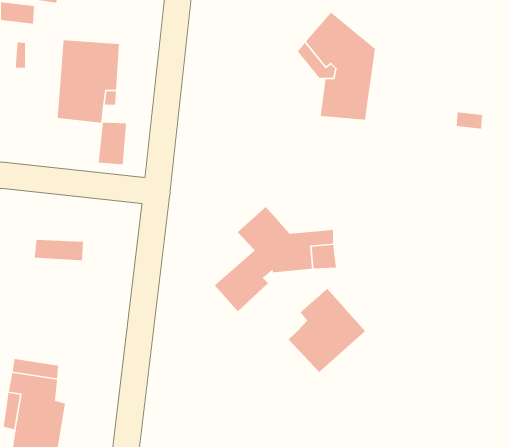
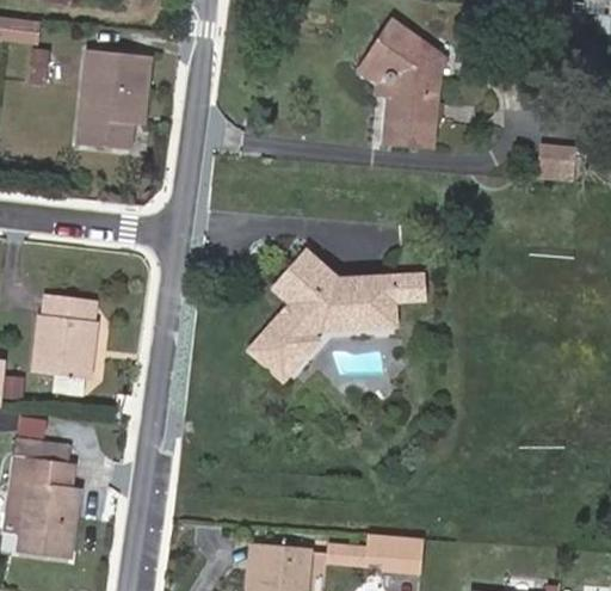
building: [98,122,127,165] -> none
building: none -> [38,314,99,374]
building: [288,288,366,373] -> none

